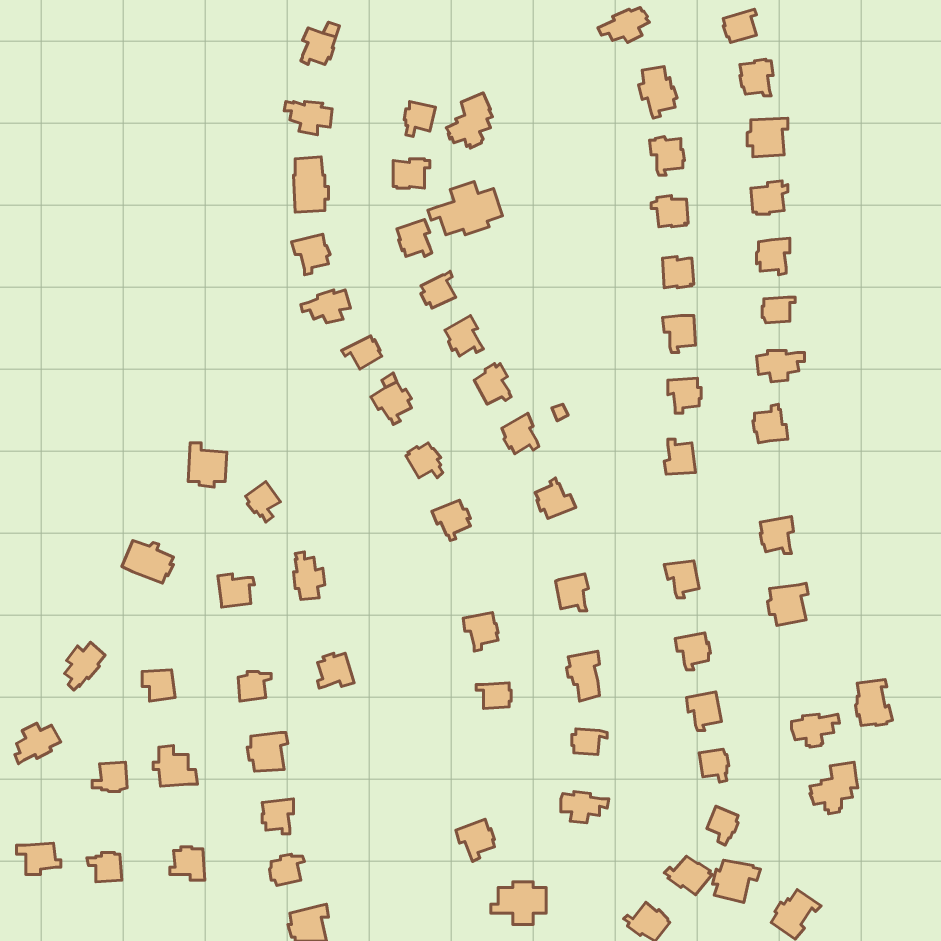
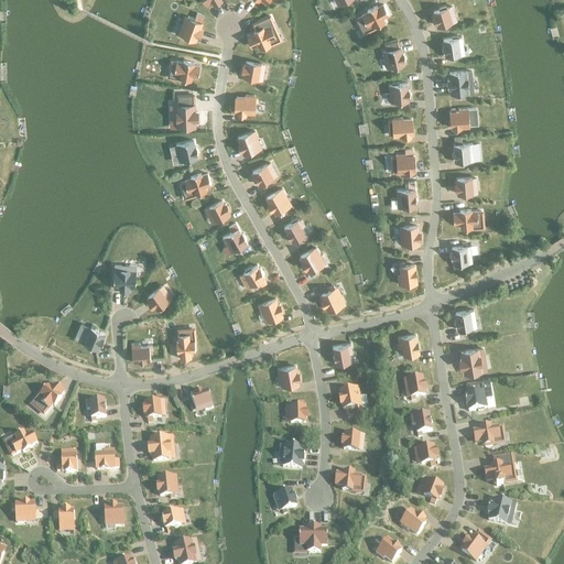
building: [446,93,492,148] -> [247,15,274,48]
building: [428,182,503,235] -> none
building: [855,679,892,726] -> [464,383,486,411]
building: none -> [279,444,304,468]
building: [712,860,760,903] -> [486,499,514,524]

